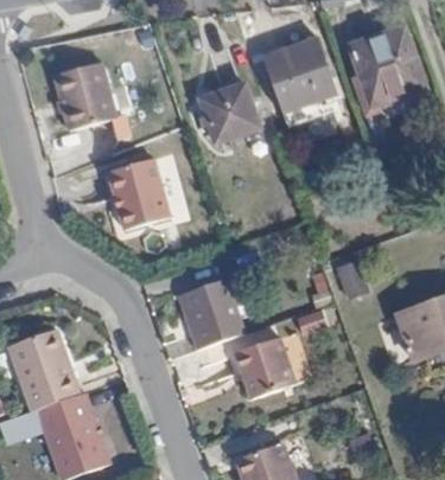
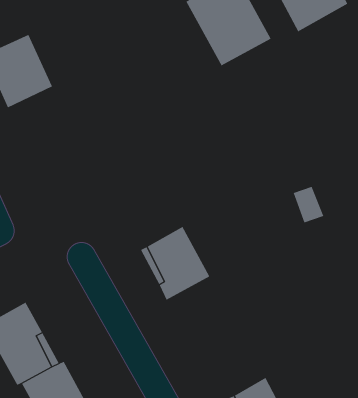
building: [198,82,260,143] -> none
building: [109,159,172,230] -> none
building: [233,335,295,399] -> none

